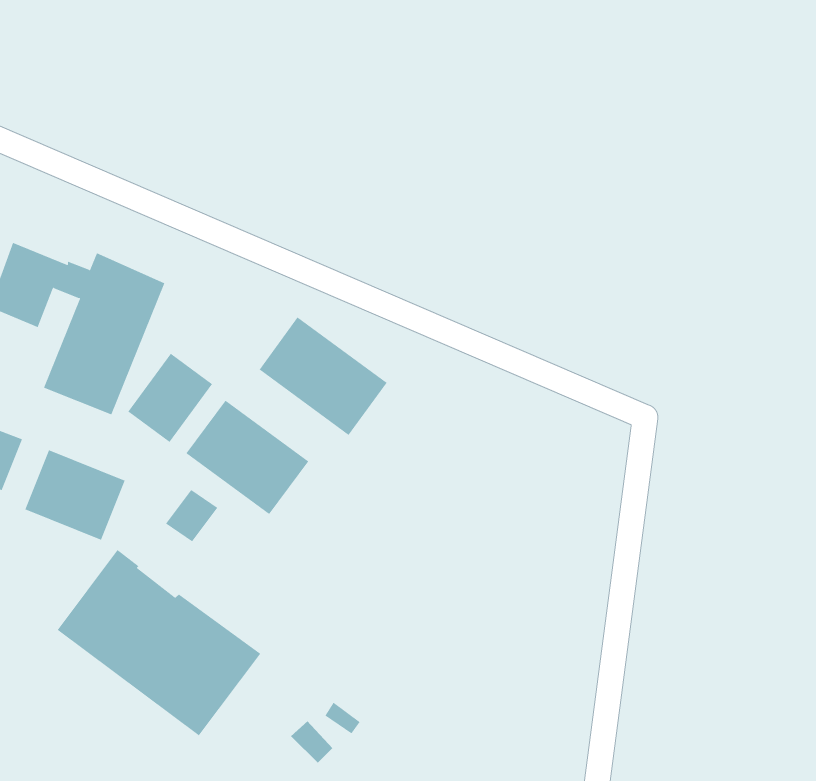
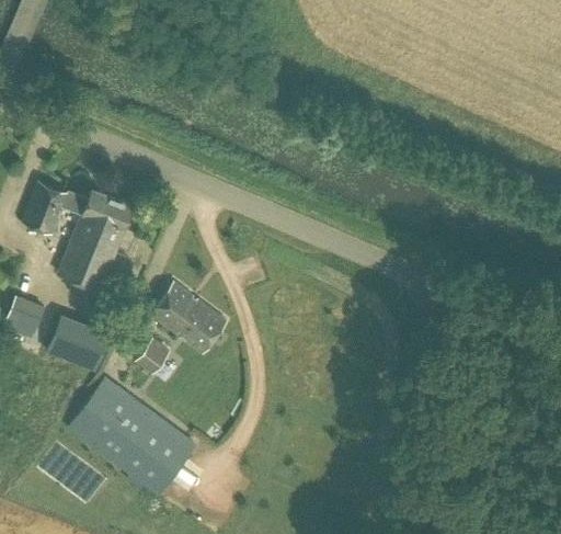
building: [259,316,387,436] -> none
building: [127,353,213,443] -> none

